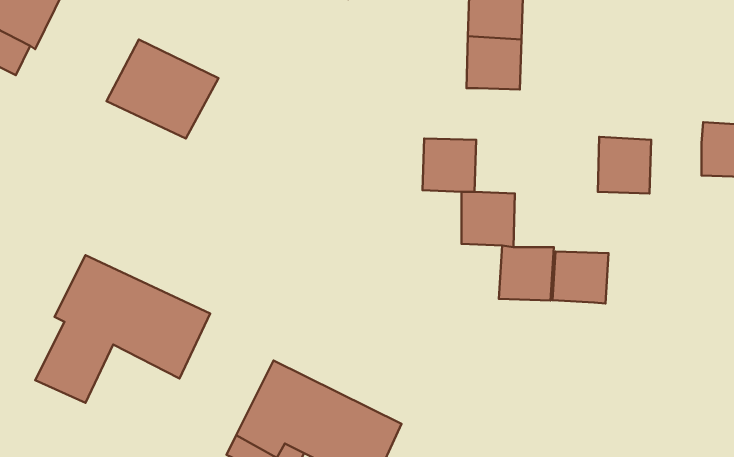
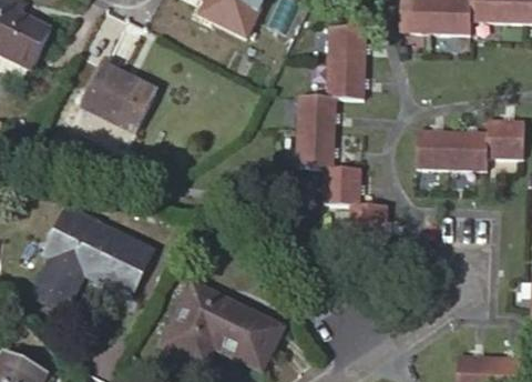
building: none -> [298,94,335,131]
building: none -> [452,131,488,169]
building: [553,252,609,304] -> none

